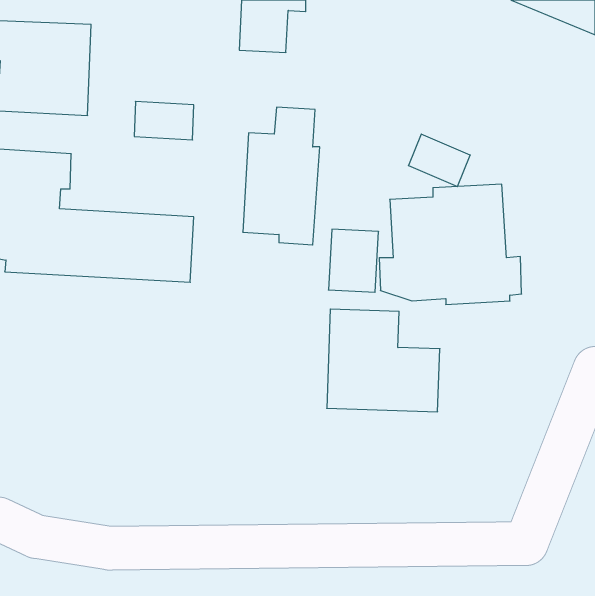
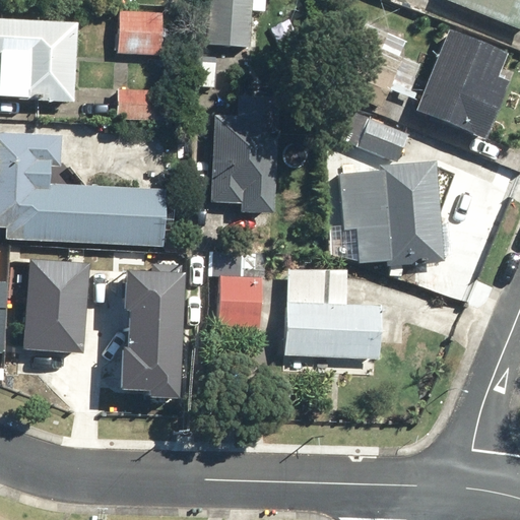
building: none -> [117,8,164,55]
building: none -> [415,25,509,139]
building: [328,229,379,292] -> [216,274,260,329]
building: none -> [20,258,89,353]
building: none -> [116,261,181,394]

